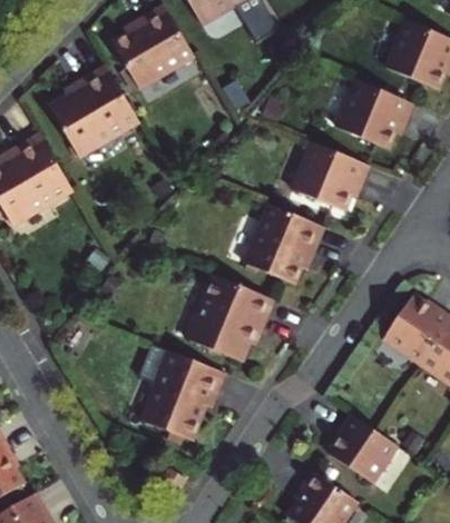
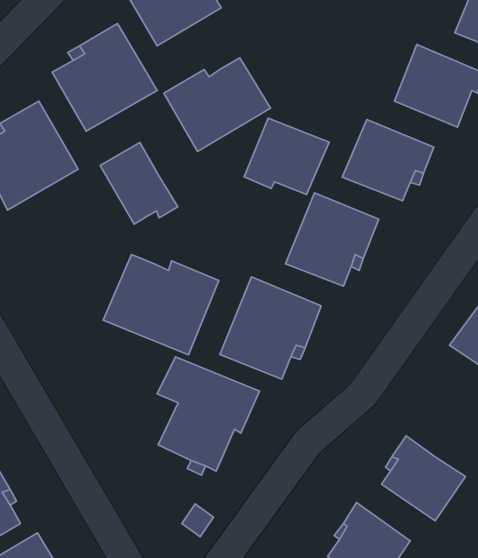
building: none -> [164,58,270,151]
building: none -> [244,118,329,194]
building: none -> [100,142,178,224]
building: none -> [103,254,219,355]

